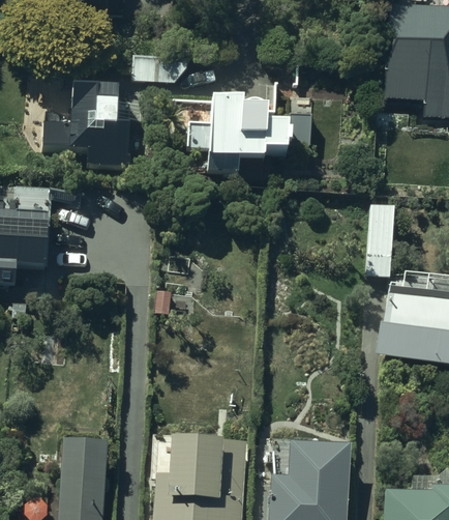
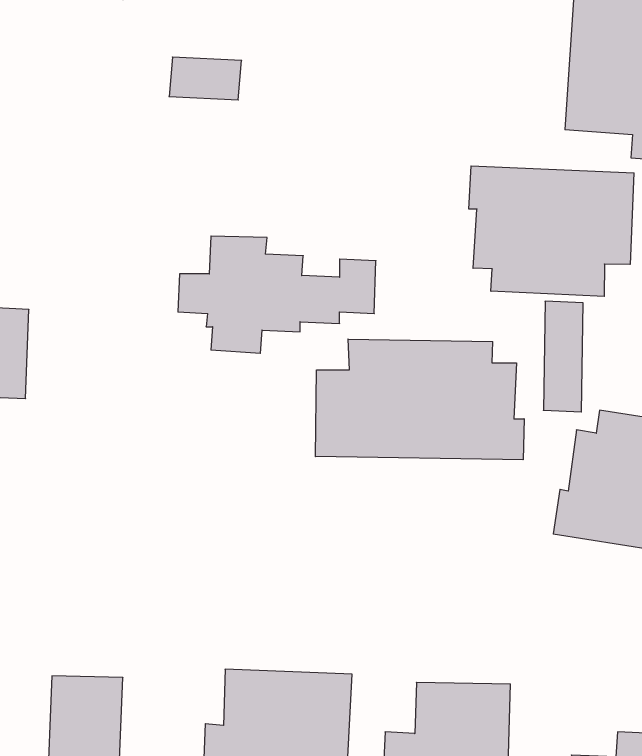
building: [42,86,131,165] -> none
building: [189,96,313,170] -> [178,236,376,353]
building: none -> [469,166,634,296]
building: none -> [315,339,524,460]

